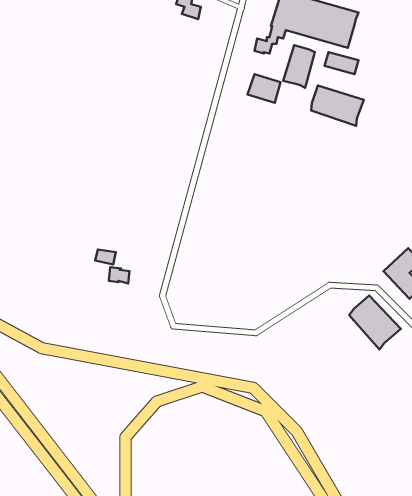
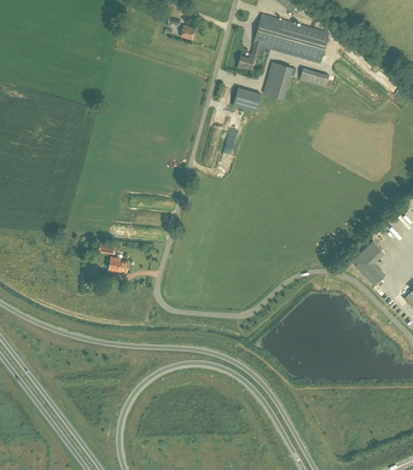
building: [311,86,364,126] -> none
building: [349,295,401,349] -> none

